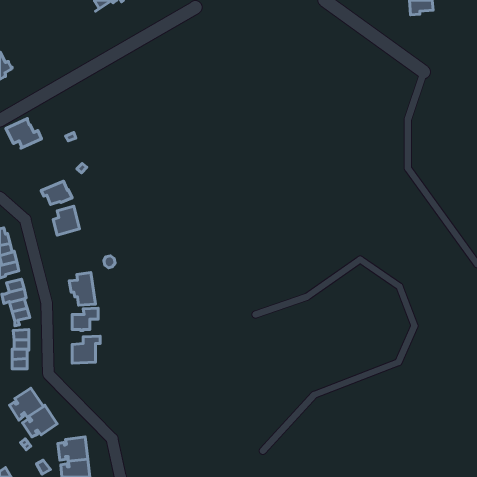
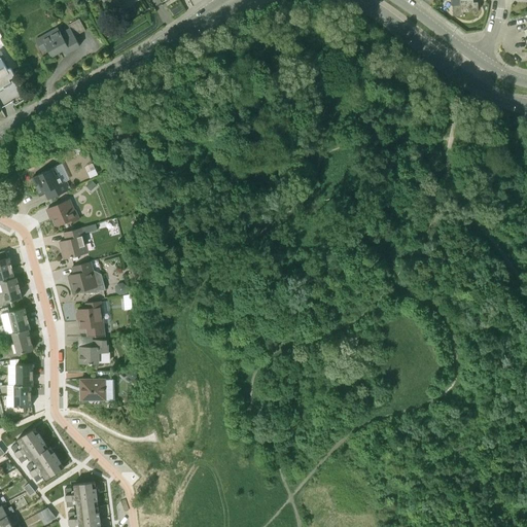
building: none -> [34,19,84,57]
building: [6,118,41,148] -> [31,167,70,200]
building: none -> [69,261,105,293]

